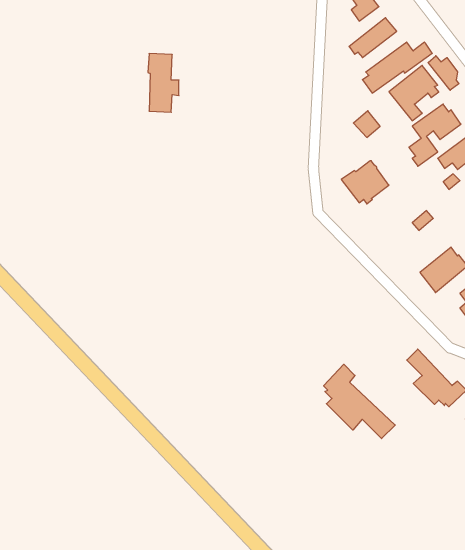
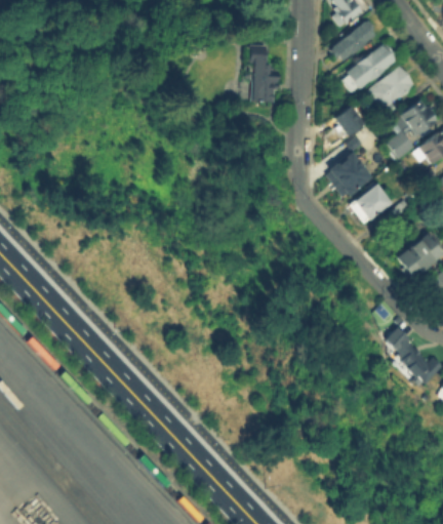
building: [148,54,179,112] -> [247,41,276,95]
building: [428,56,459,90] -> none
building: none -> [352,185,390,221]
building: [324,364,395,439] -> none

